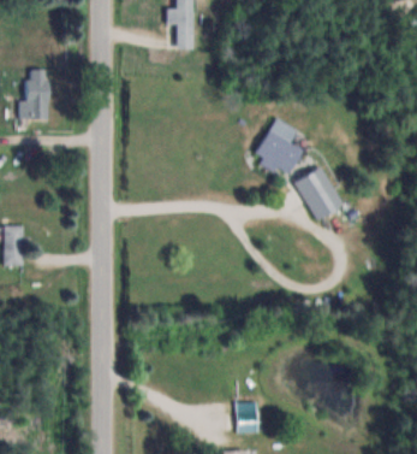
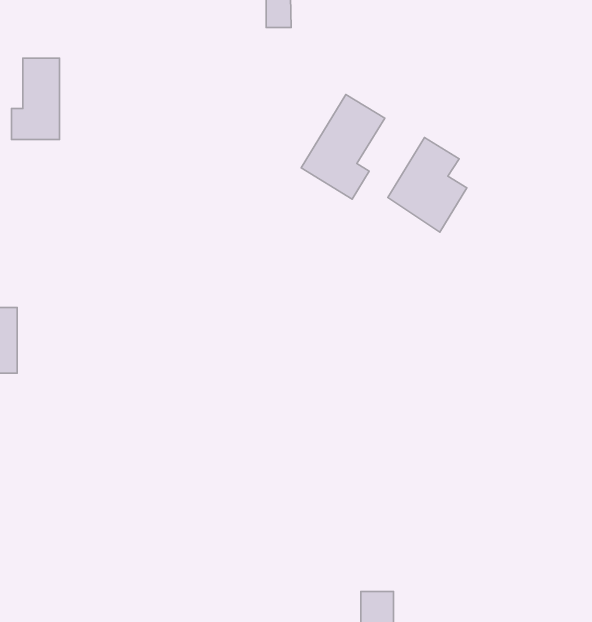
building: none -> [301,94,385,199]
building: [293,166,344,222] -> none

